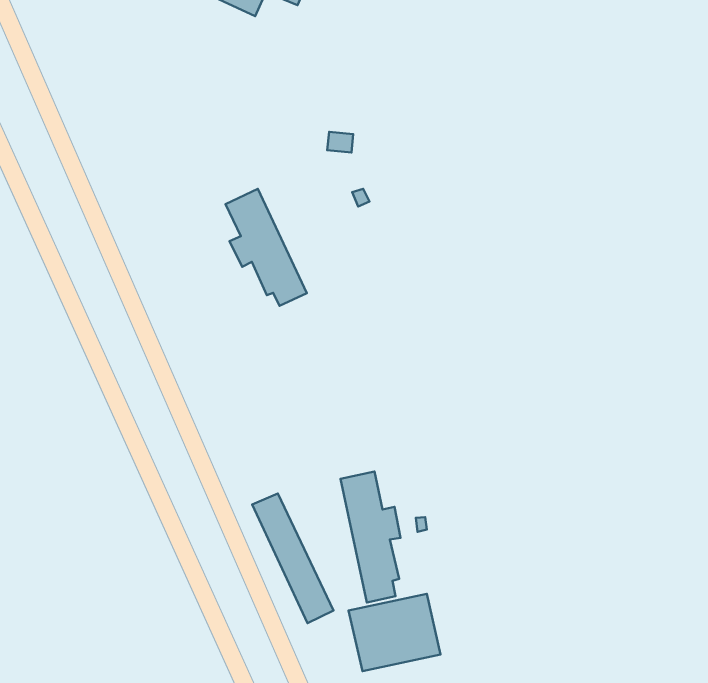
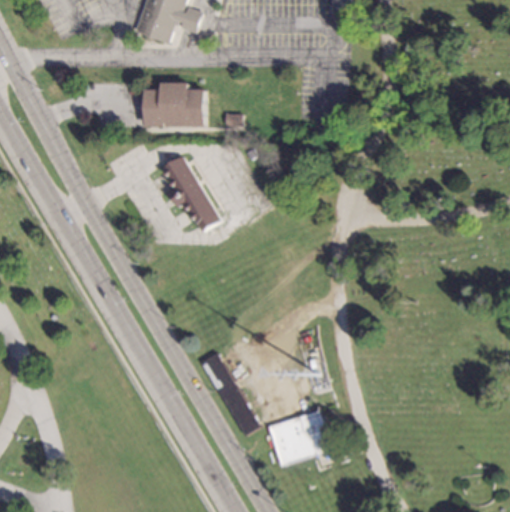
building: none -> [144,82,204,126]
building: [340,472,400,603] -> none

